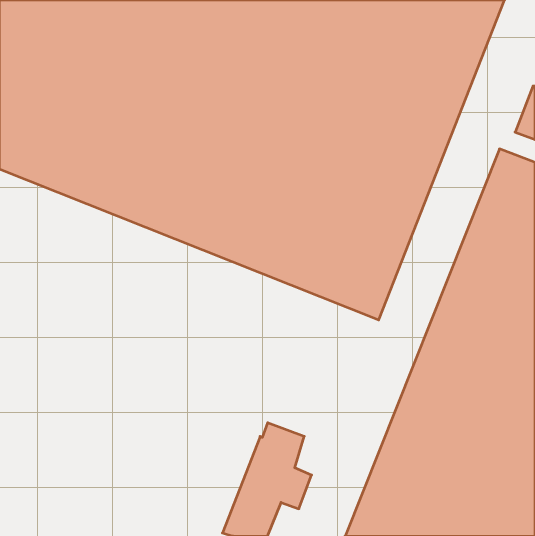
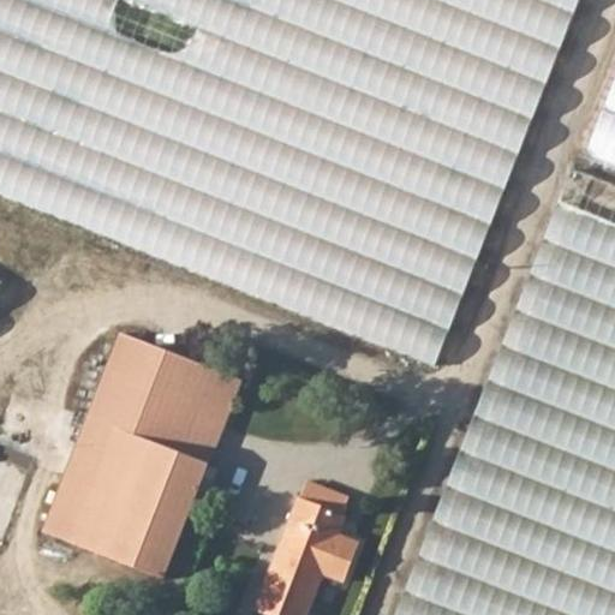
building: none -> [42,334,240,580]

